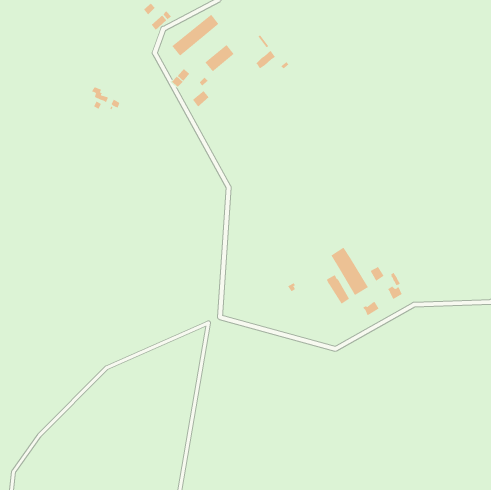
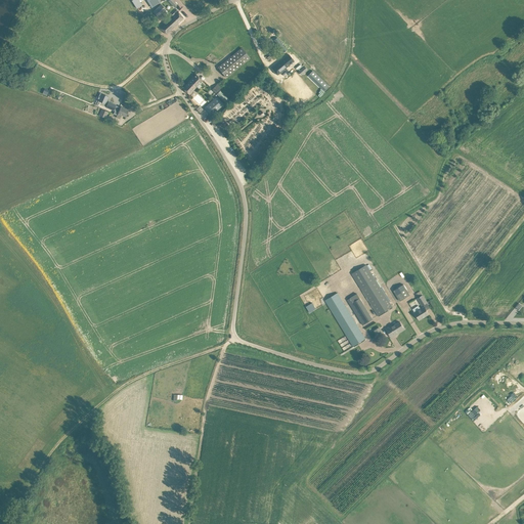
building: [172,14,219,56] -> none
building: none -> [325,292,365,345]

